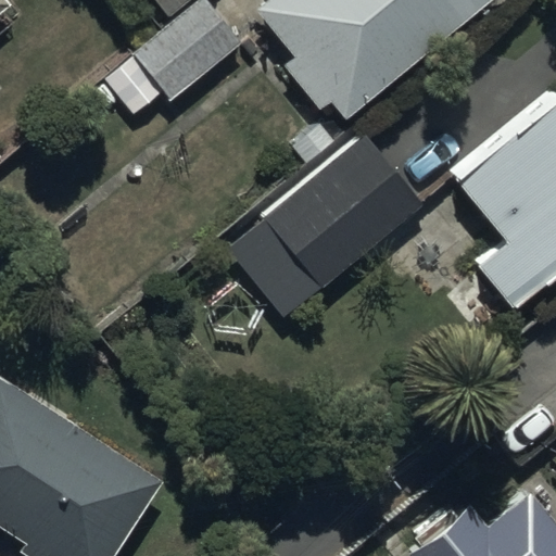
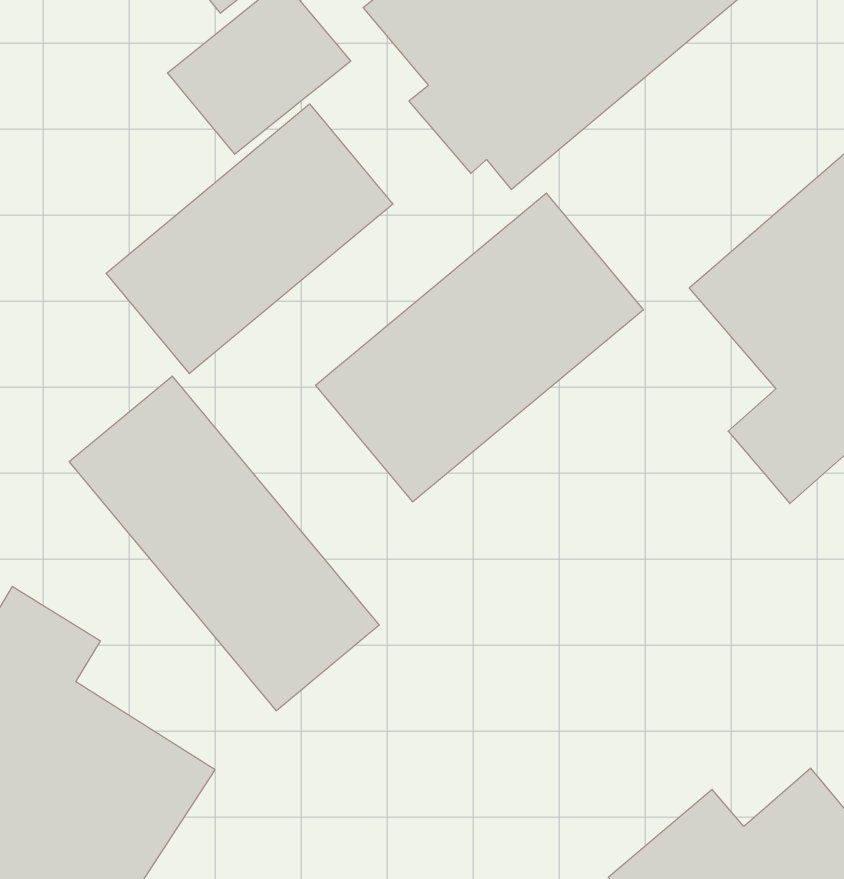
building: none -> [106,104,393,374]
building: none -> [69,376,379,711]

